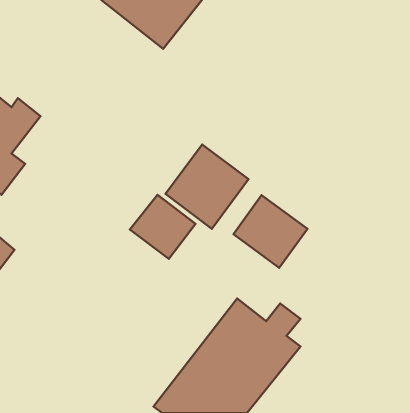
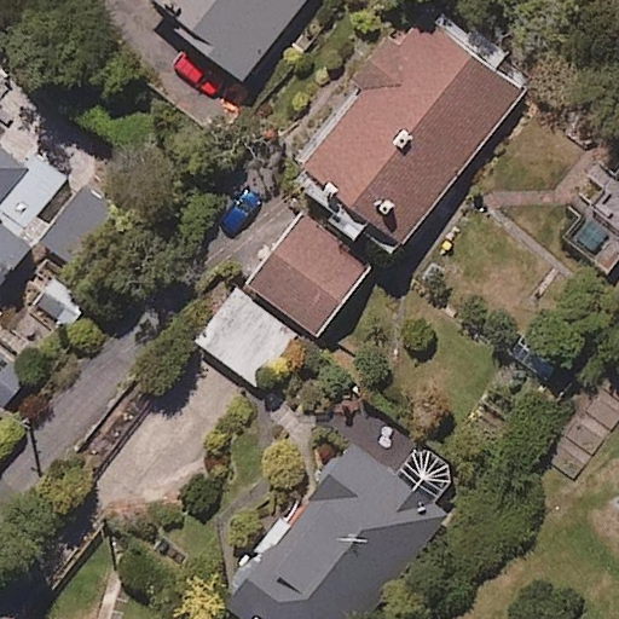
building: none -> [301,12,520,245]
building: [233,195,307,268] -> none

